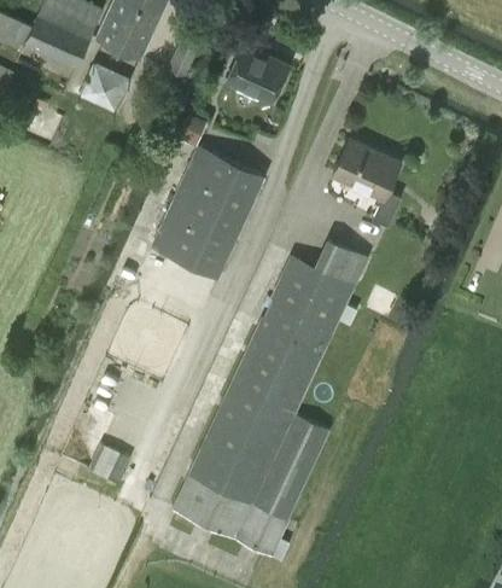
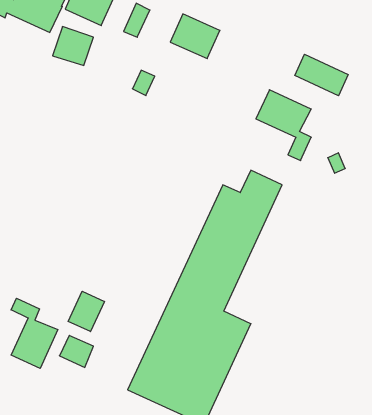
building: none -> [295,54,348,96]
building: [153,147,262,275] -> none
building: none -> [68,291,104,332]
building: none -> [11,298,58,368]

